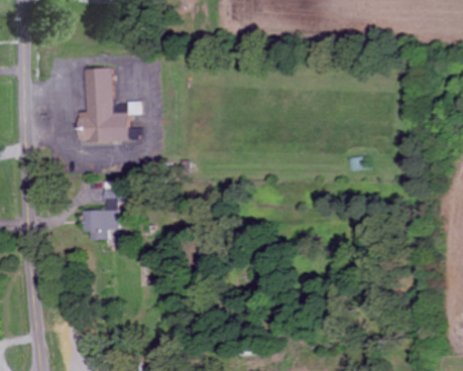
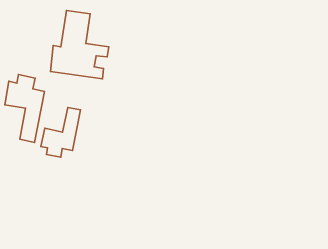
building: none -> [5,75,45,142]

